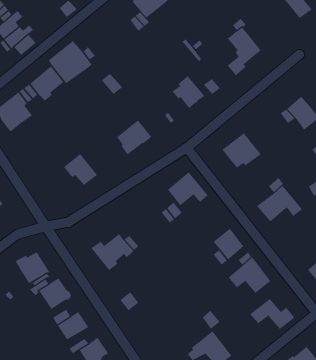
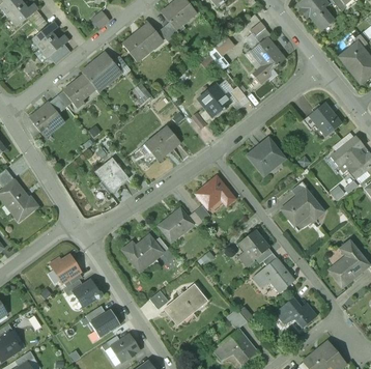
building: none -> [122,23,163,57]
building: none -> [158,207,193,242]
building: none -> [164,284,207,324]

